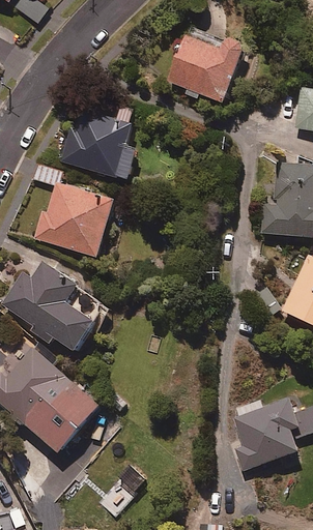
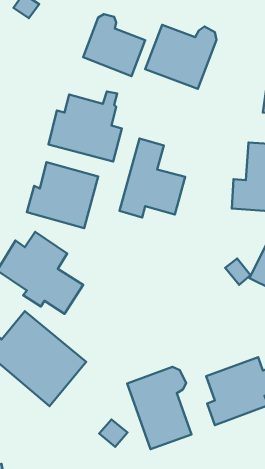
building: none -> [83,14,145,76]
building: none -> [119,139,185,217]
building: none -> [127,367,192,449]

